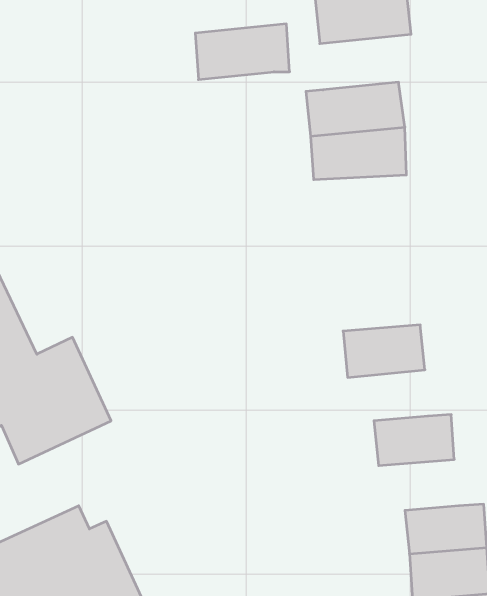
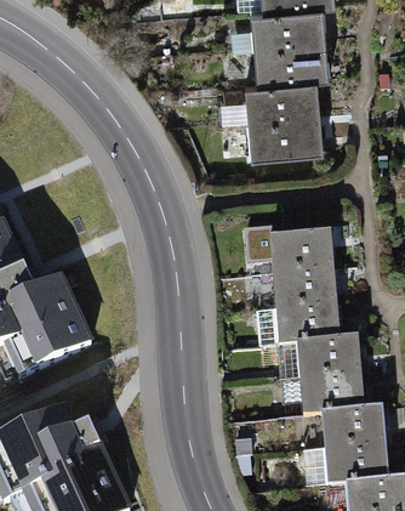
building: [195,24,290,80] -> [255,35,329,79]
building: none -> [246,225,333,268]
building: none -> [257,299,340,341]
building: none -> [301,369,364,410]

